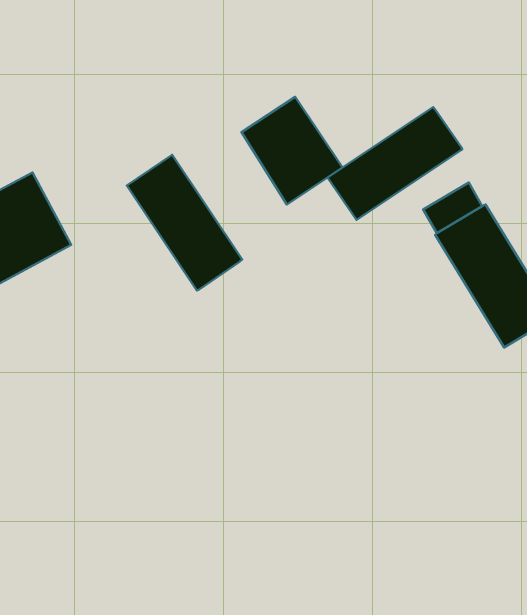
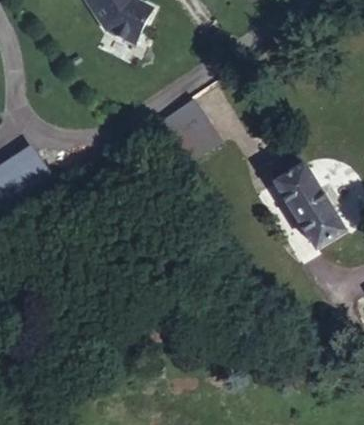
building: [328,107,462,220] -> none
building: [127,155,242,290] -> none

